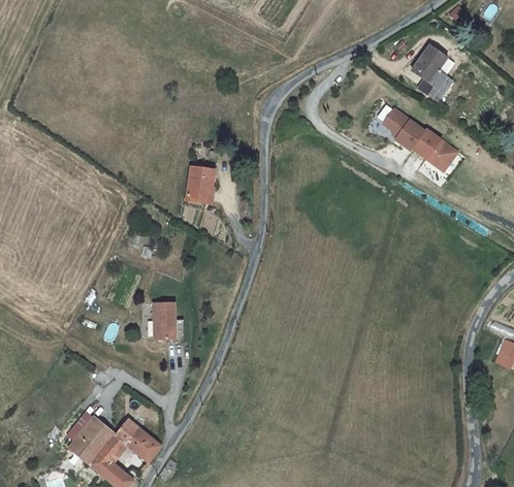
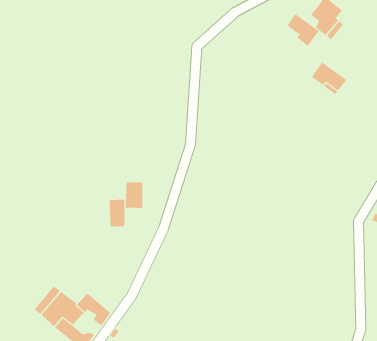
building: [383,107,424,150] -> [287,13,319,47]
building: [189,166,218,203] -> none
building: none -> [125,181,143,209]

